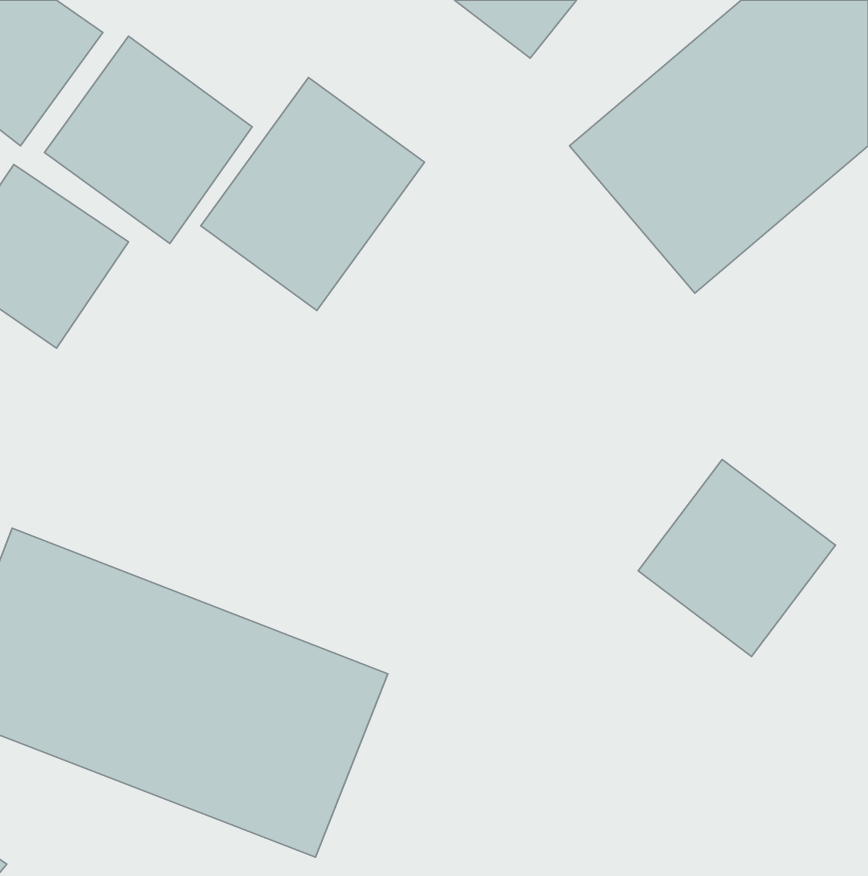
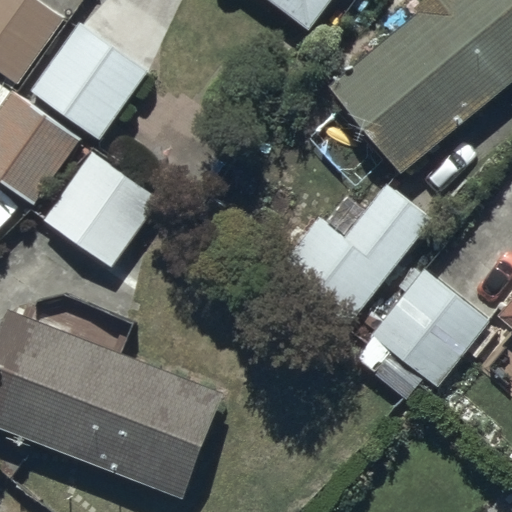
building: [201,78,425,311] -> none
building: none -> [43,153,156,267]
building: none -> [279,183,433,326]

